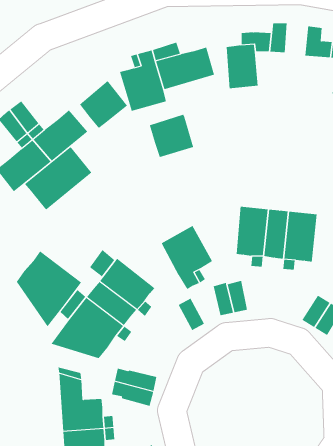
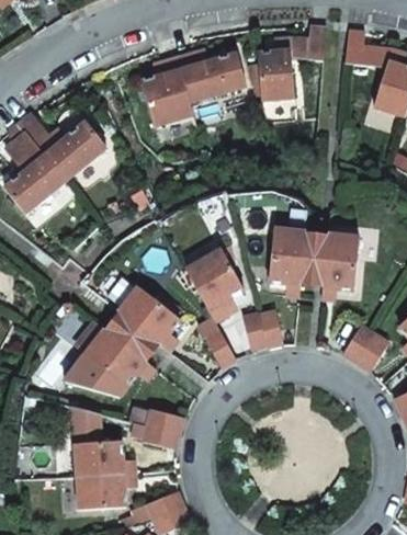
building: [79,80,128,129] -> none
building: [149,114,194,158] -> none
building: [24,146,92,211] -> none
building: [16,250,82,327] -> none

